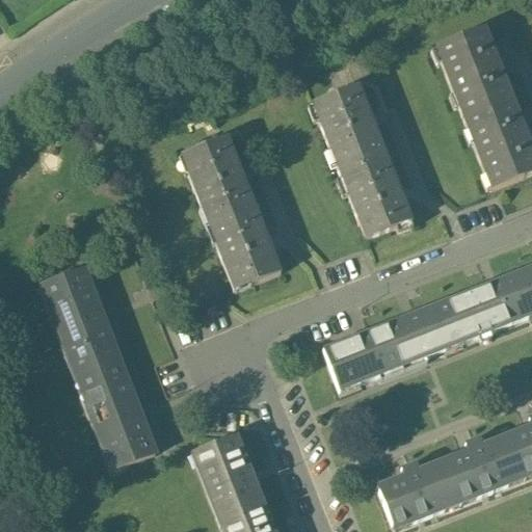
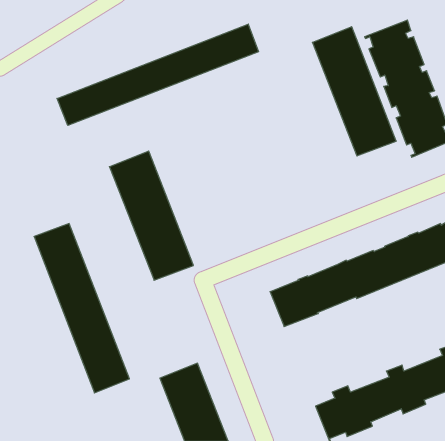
building: none -> [57,24,258,125]
building: [313,82,413,236] -> [312,27,396,156]
building: [181,134,281,288] -> [109,151,193,280]

